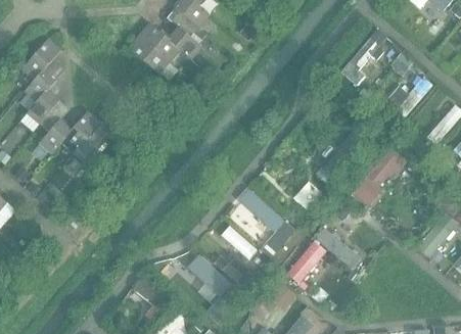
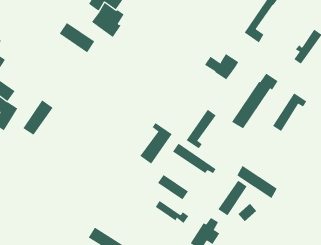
building: [137,21,178,61] -> none
building: none -> [204,53,239,80]
building: [59,110,98,152] -> none
building: none -> [186,109,217,149]
building: none -> [139,122,172,164]
building: [184,253,229,290] -> none

